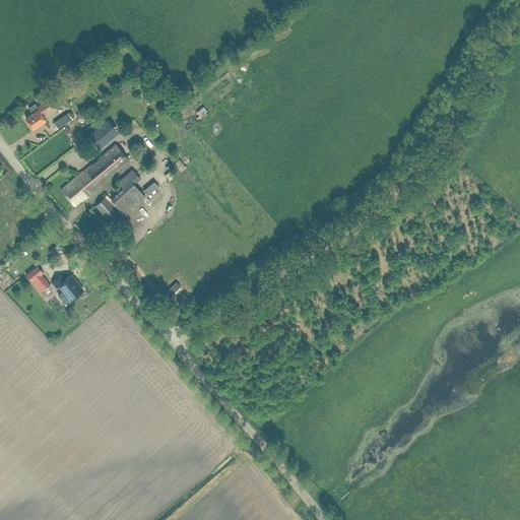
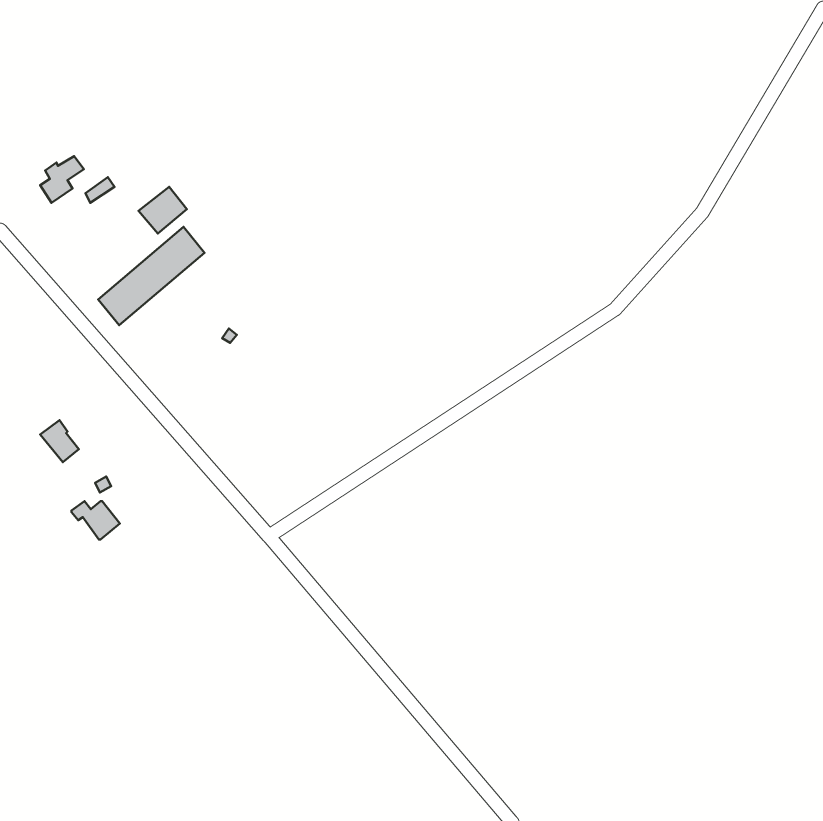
building: [95,170,144,228] -> none
building: [52,275,82,300] -> [72,501,120,540]

